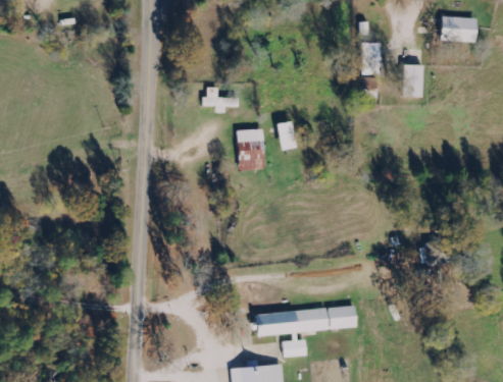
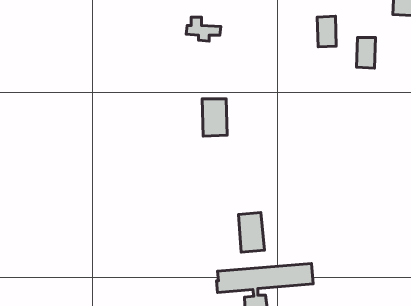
building: [202,88,239,113] -> [186,17,221,41]
building: [276,122,294,150] -> none
building: none -> [238,213,264,252]

